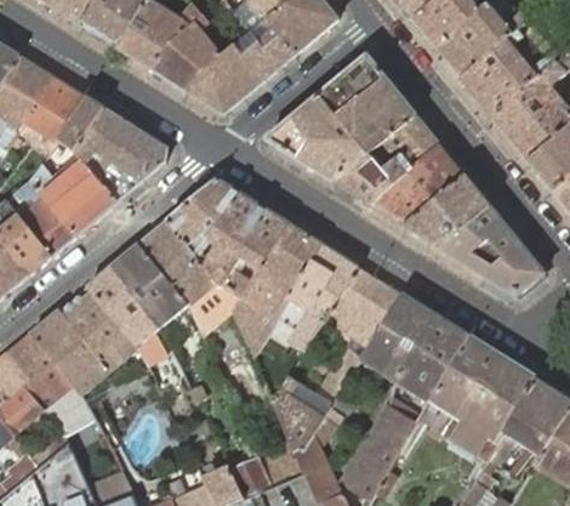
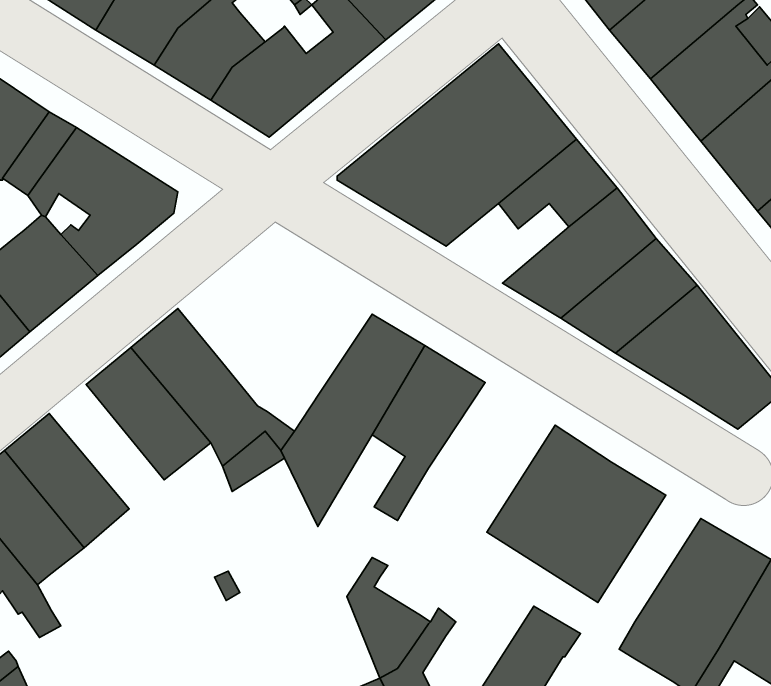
building: [334,155,410,205] -> none
building: [166,180,287,297] -> none
building: [312,267,401,406] -> none
building: [86,268,158,346] -> none
building: [420,337,492,433] -> none

